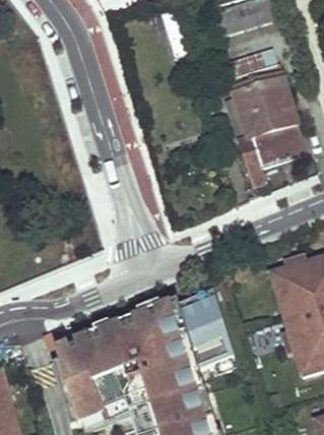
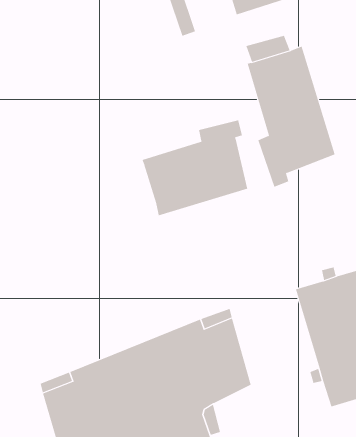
building: none -> [142,120,248,216]

